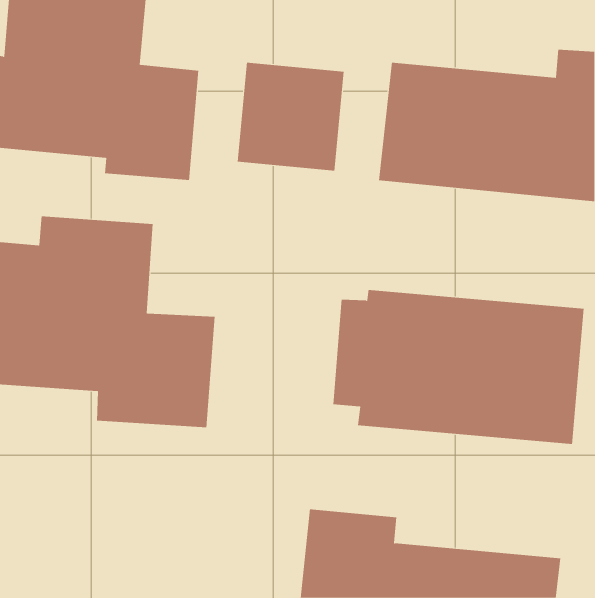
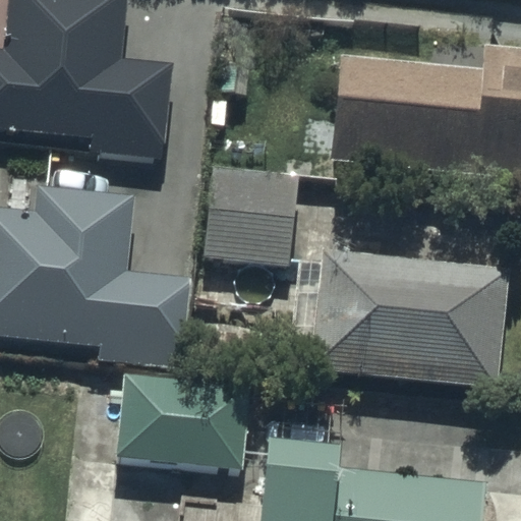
building: [237,62,345,171] -> [204,172,297,267]
building: none -> [117,377,248,464]

